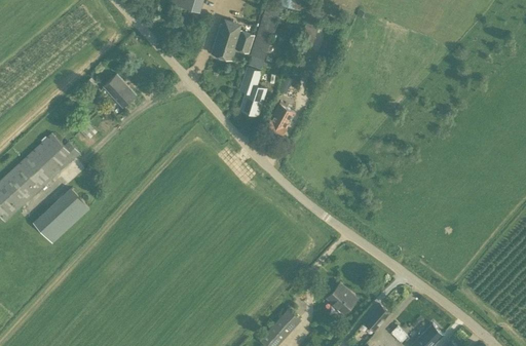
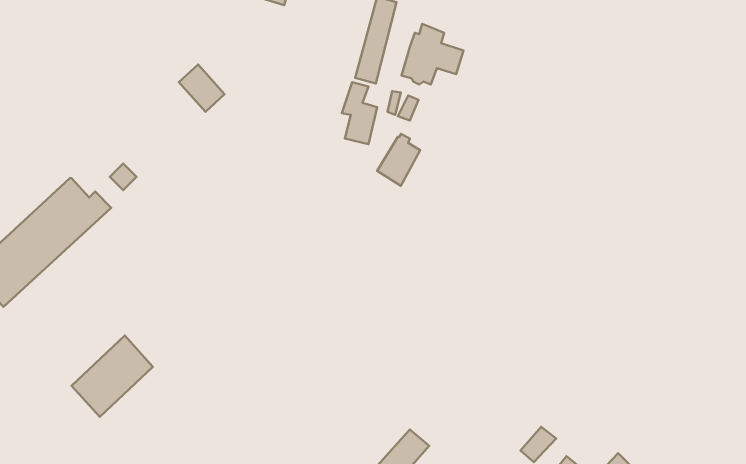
building: [210,18,253,61] -> [401,24,463,84]
building: [103,75,135,108] -> [179,64,225,112]
building: [32,188,88,244] -> [72,336,153,417]
building: [325,281,358,314] -> none

